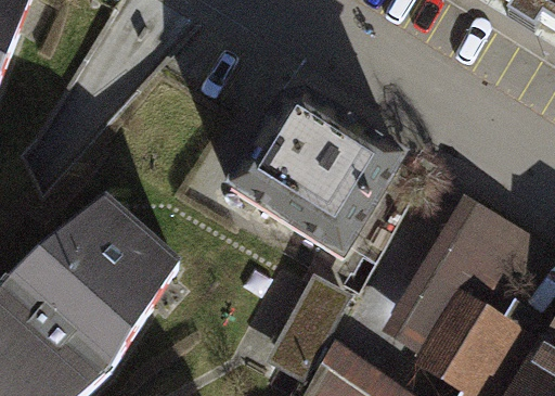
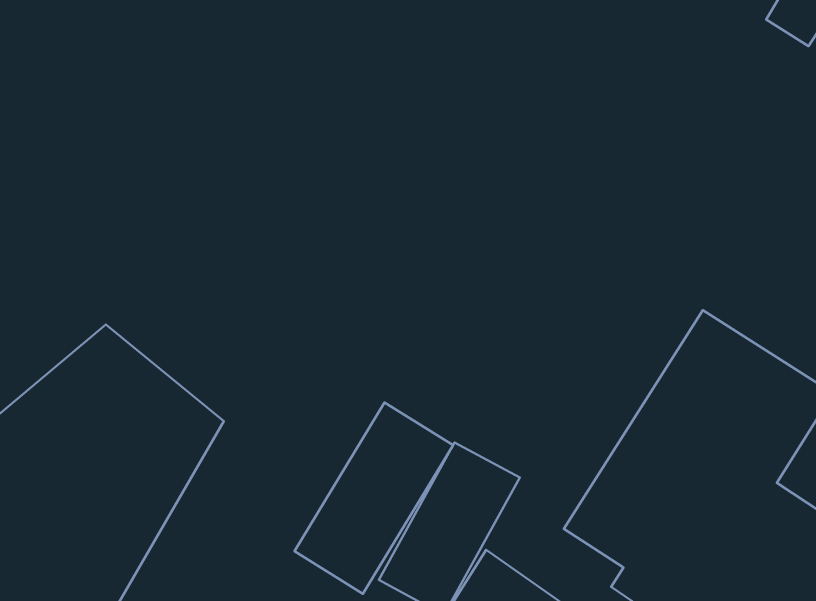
building: [233,99,402,255] -> none
building: none -> [294,403,453,594]

